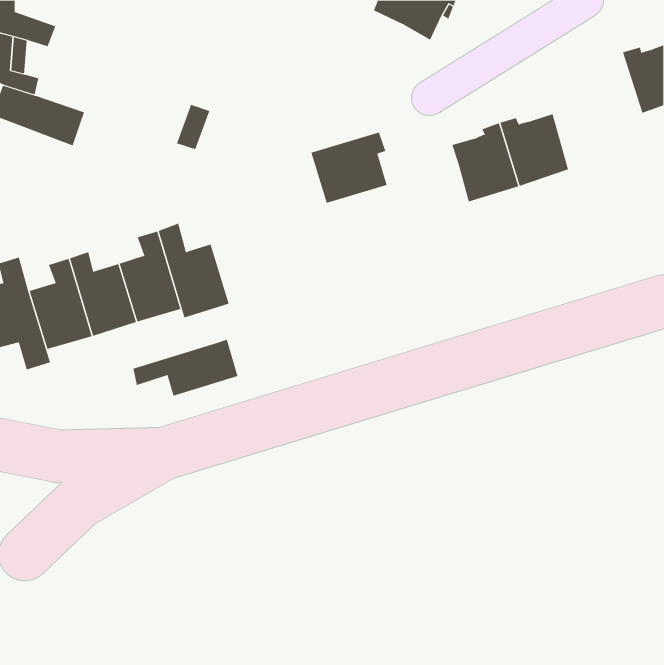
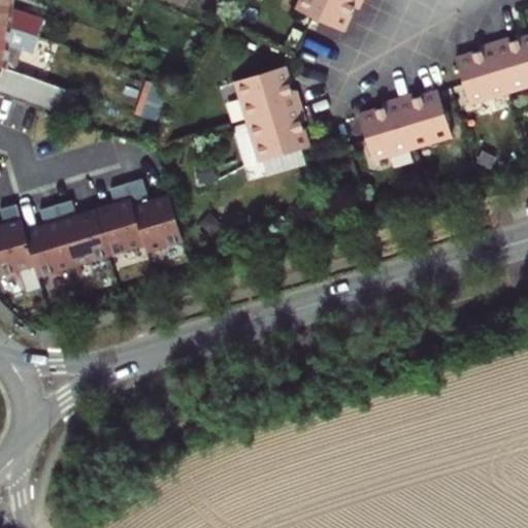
building: none -> [454,42,507,103]
building: none -> [234,67,300,122]
building: [133,339,238,396] -> none

